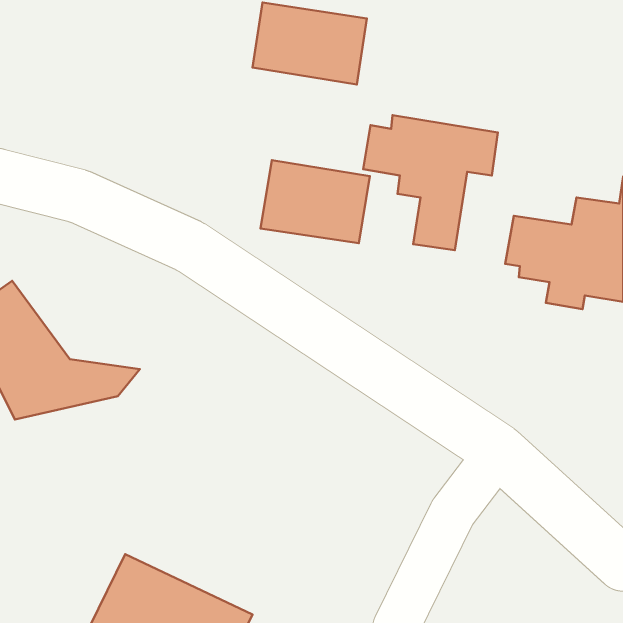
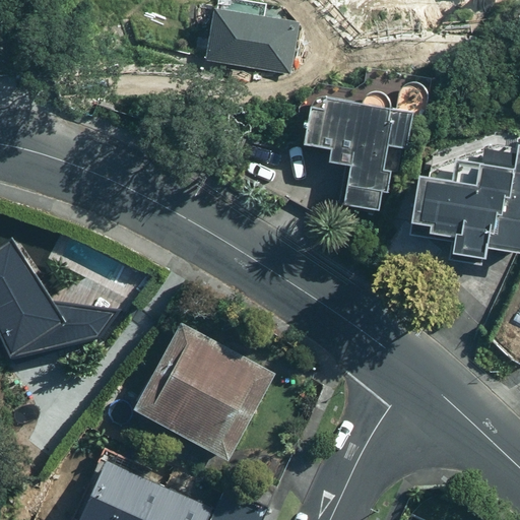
building: [260,160,370,243] -> none
building: none -> [136,327,273,462]

